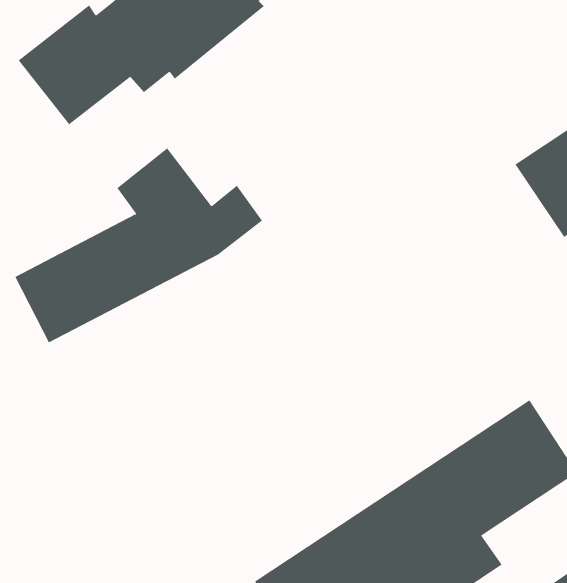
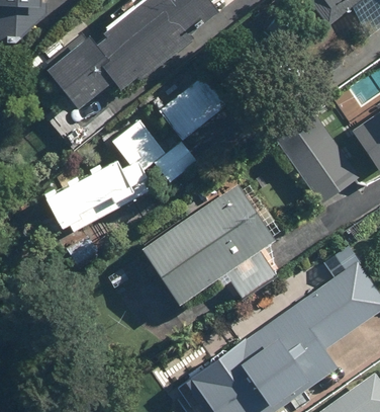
building: none -> [158,74,226,140]
building: none -> [280,118,358,202]
building: none -> [141,184,276,305]

